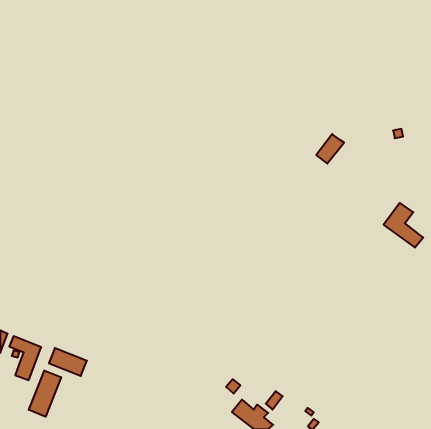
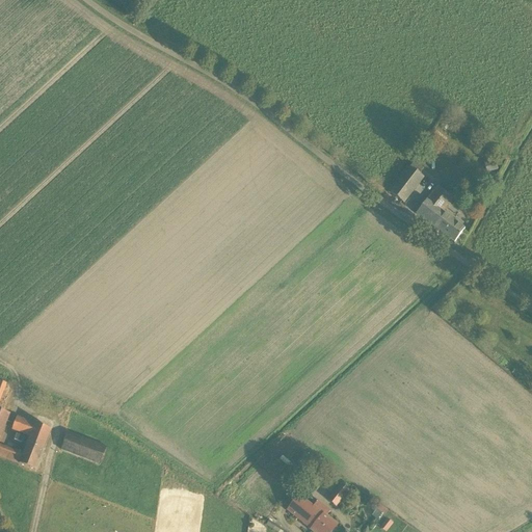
building: [384,203,423,248] -> [416,185,464,240]
building: [29,370,61,417] -> none

